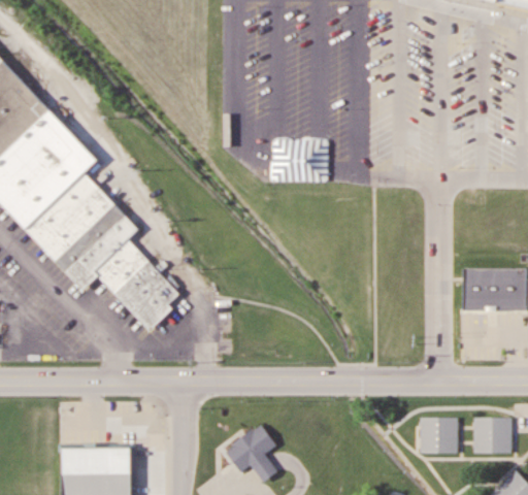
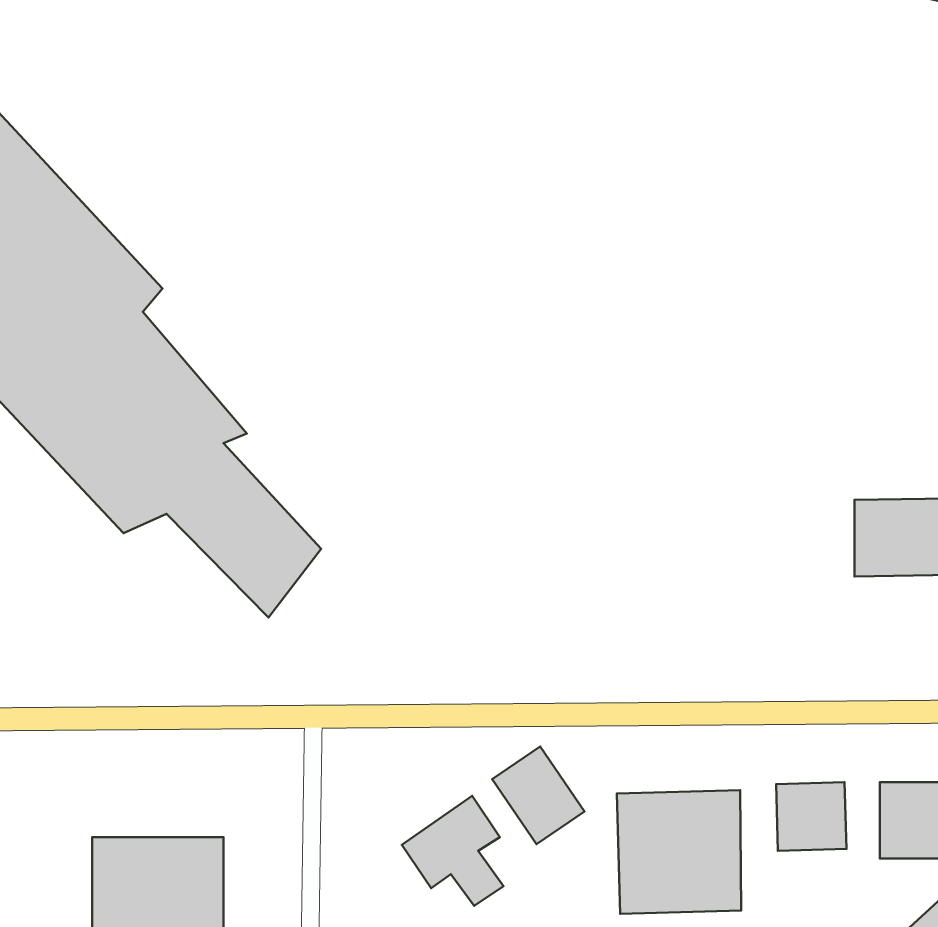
building: none -> [492,746,584,844]
building: none -> [617,790,741,914]

